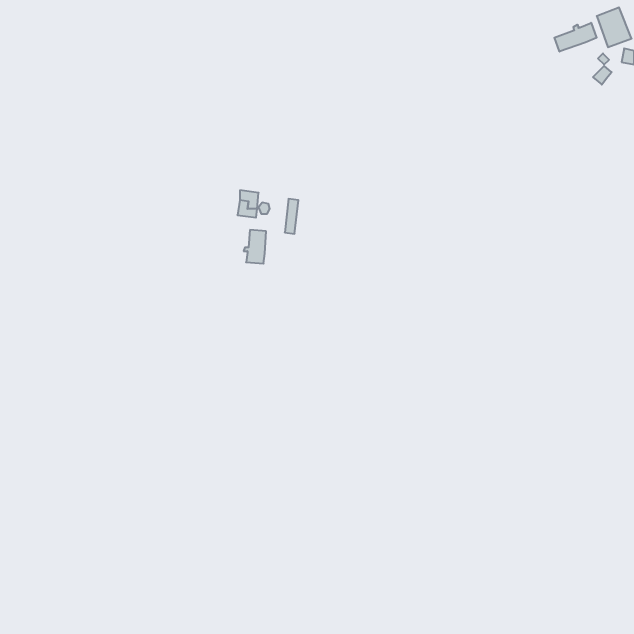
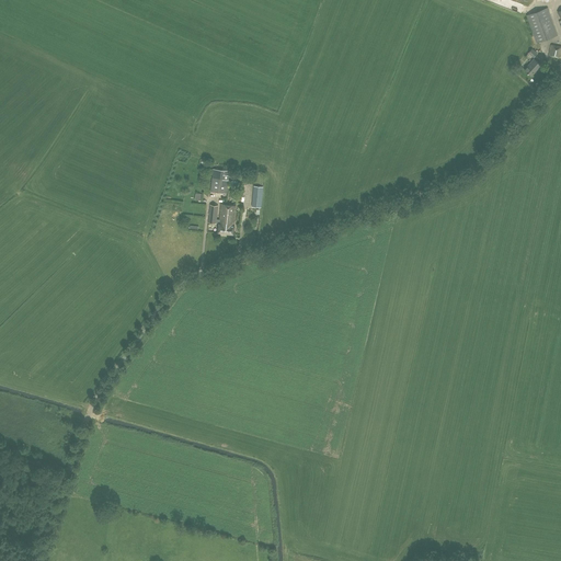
building: [554,23,597,52] -> none

